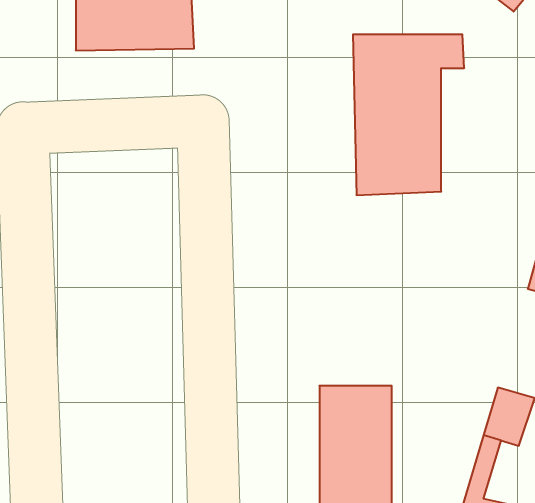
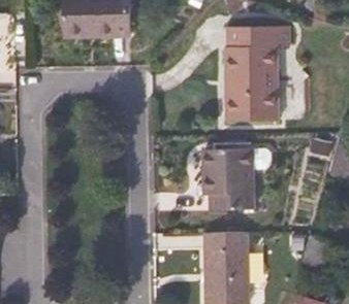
building: none -> [198,149,252,210]

